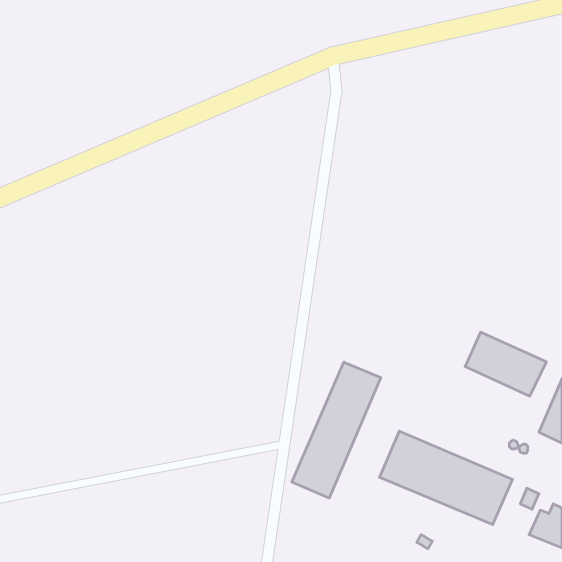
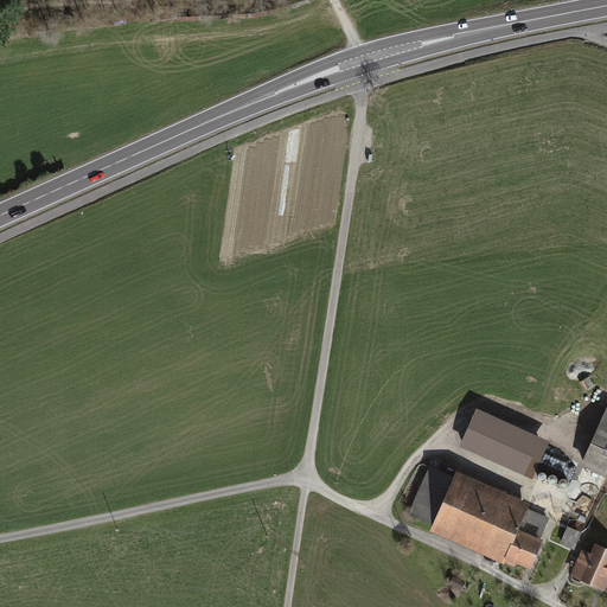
building: [465,332,546,396] -> [461,410,549,479]
building: [292,362,381,498] -> none

